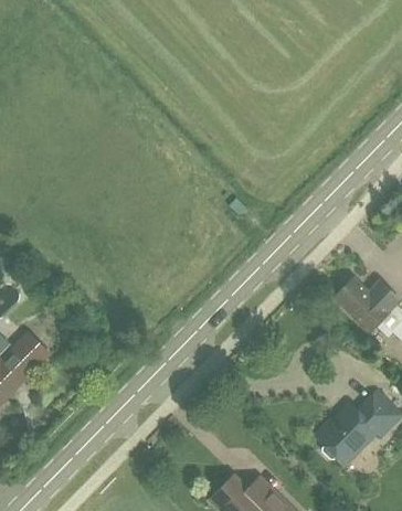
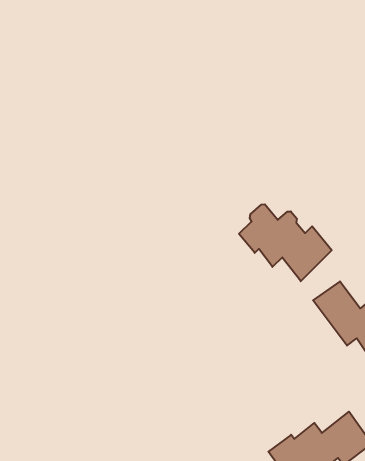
building: none -> [239,204,332,281]

